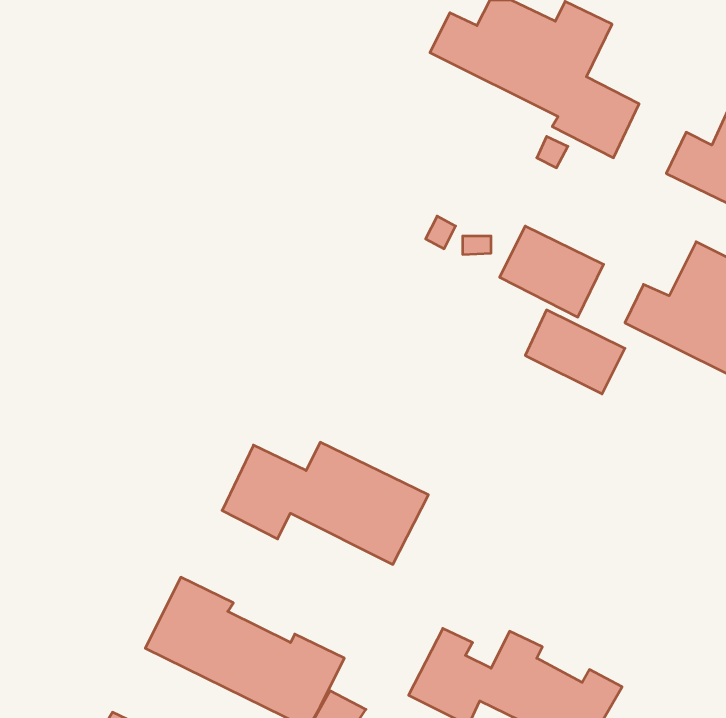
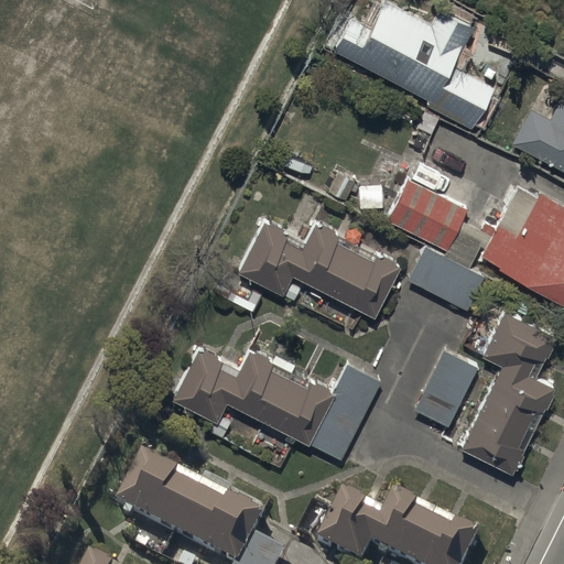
building: none -> [238,220,402,318]
building: none -> [460,312,555,473]
building: none -> [415,351,477,426]
building: none -> [310,368,378,460]

